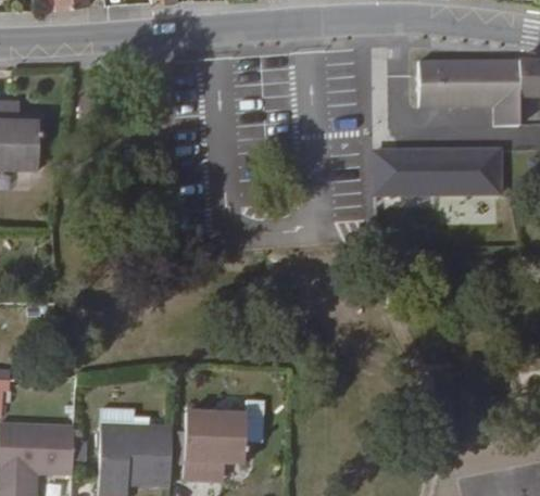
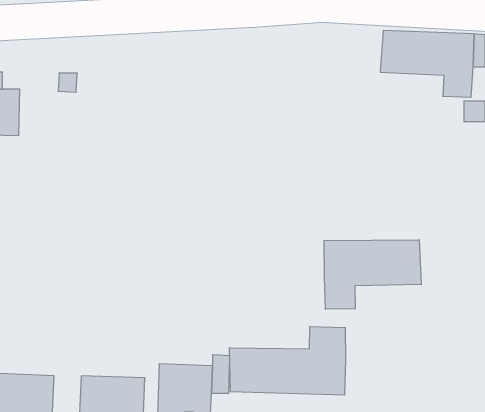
building: [369,151,501,215] -> none
building: none -> [324,240,421,309]
building: none -> [230,326,346,395]

